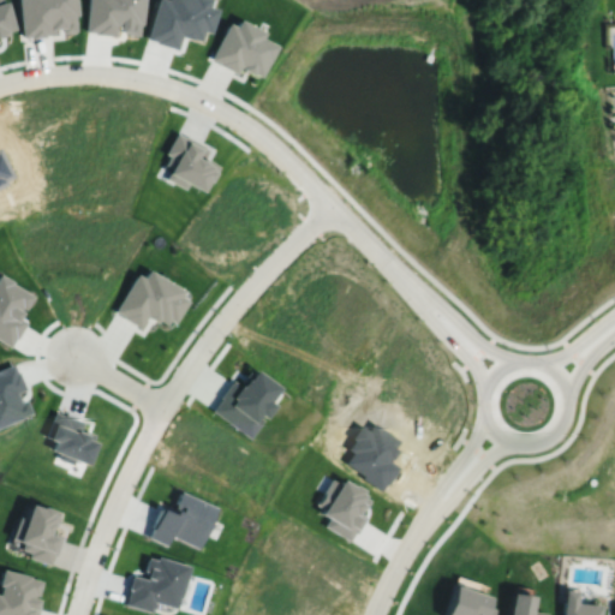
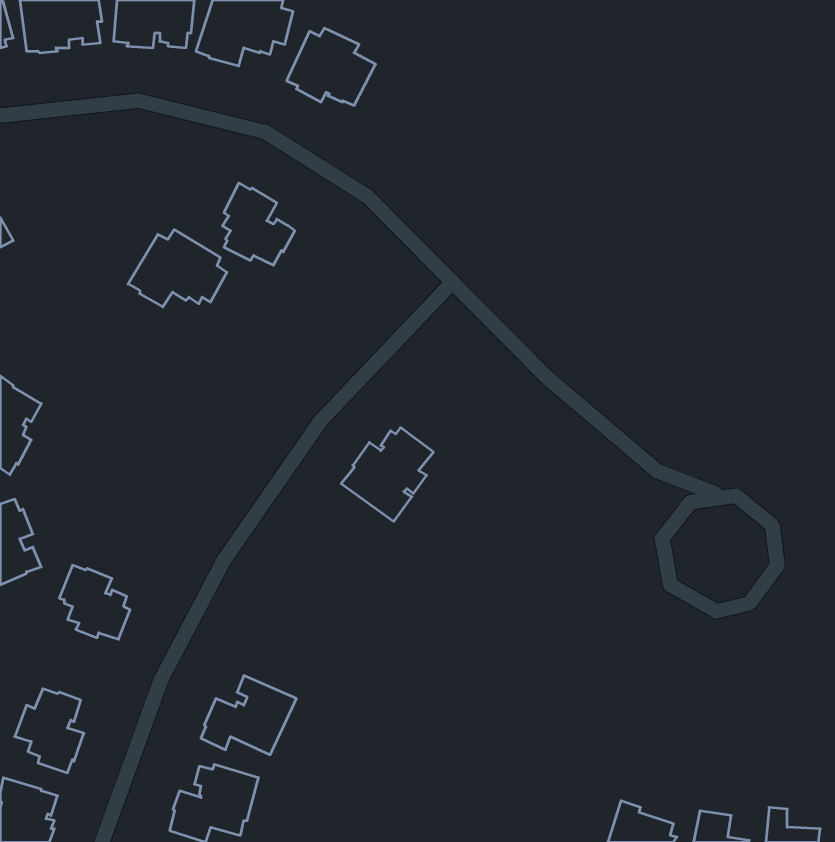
building: [117,273,189,329] -> [128,230,227,307]
building: [214,369,281,437] -> [341,428,433,521]
building: [345,425,406,494] -> none
building: [320,479,374,542] -> none

